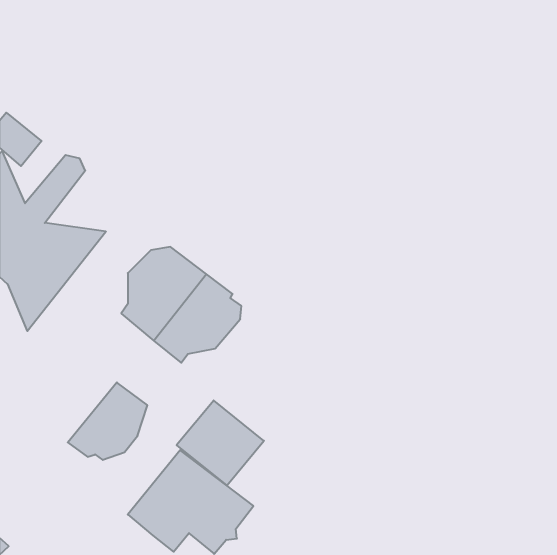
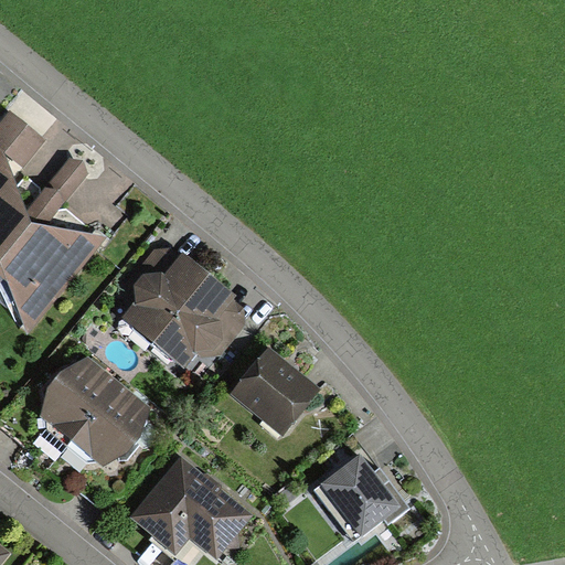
building: none -> [41,354,118,447]
building: [177,400,264,486] -> [232,349,320,435]
building: none -> [315,456,407,540]

